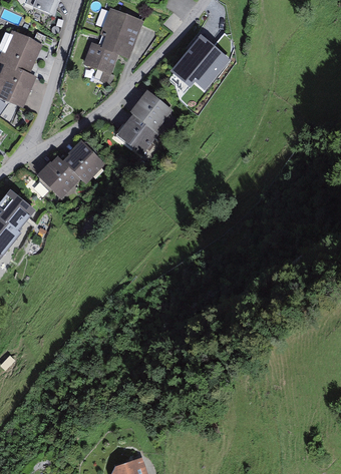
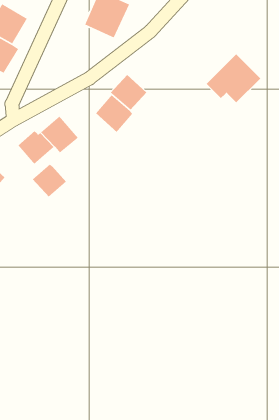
building: [172,38,228,89] -> [206,53,261,103]
building: [83,45,118,84] -> none
building: none -> [32,164,67,198]

